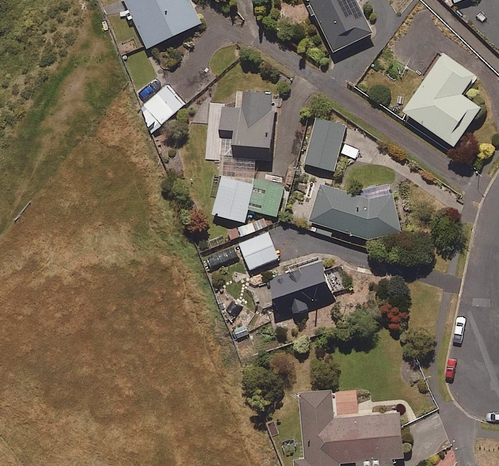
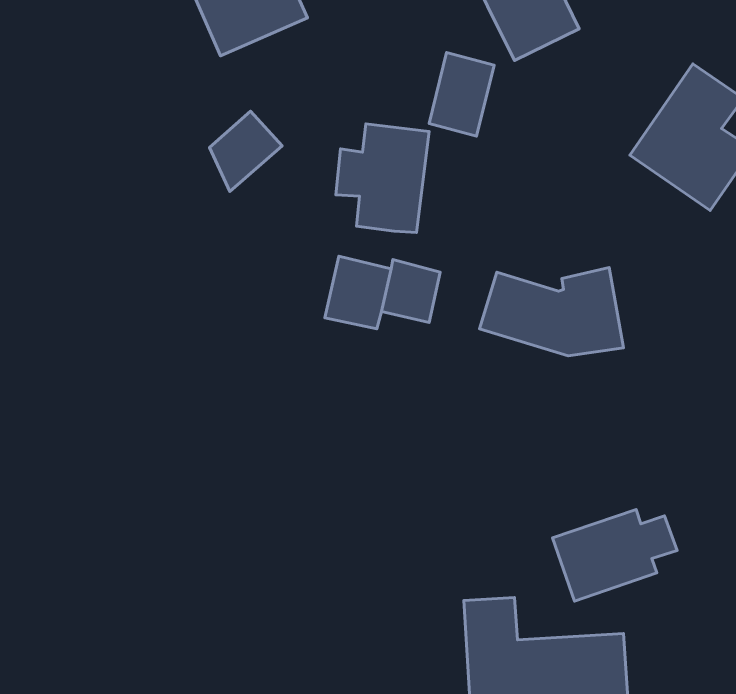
building: [304,117,345,170] -> [429,52,494,136]
building: [238,231,278,271] -> none
building: [268,261,347,319] -> [552,510,677,601]

